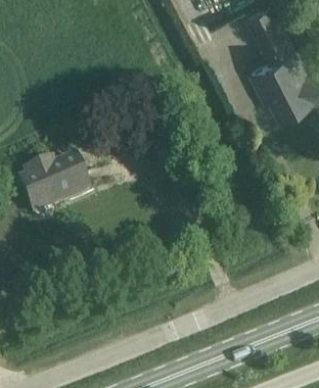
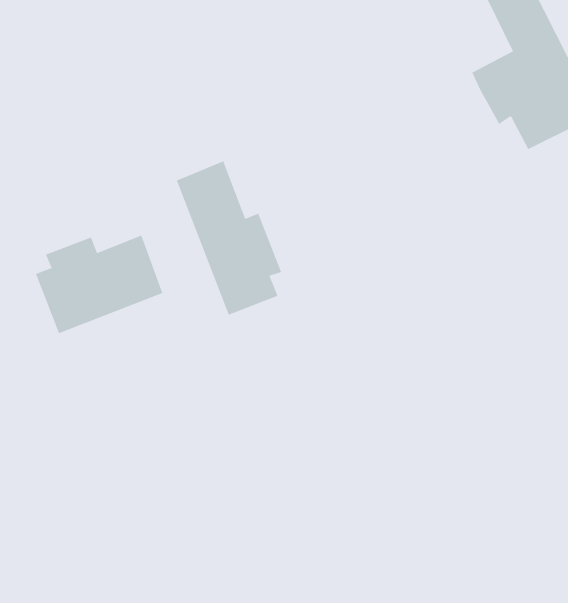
building: none -> [176,160,282,315]

